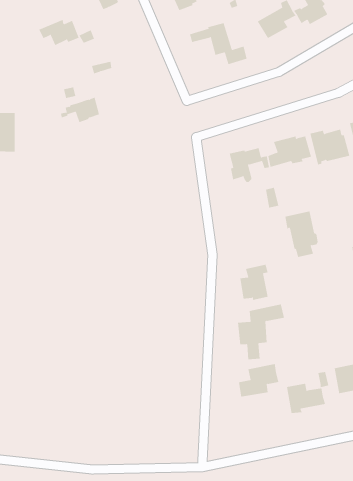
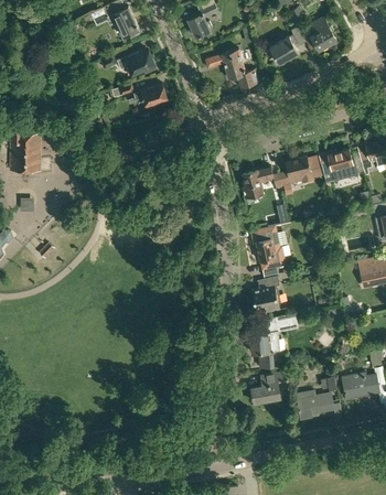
building: [39,19,79,46] -> [117,52,156,77]
building: [60,97,100,123] -> [129,85,167,109]
building: [285,211,318,257] -> [251,226,283,270]

